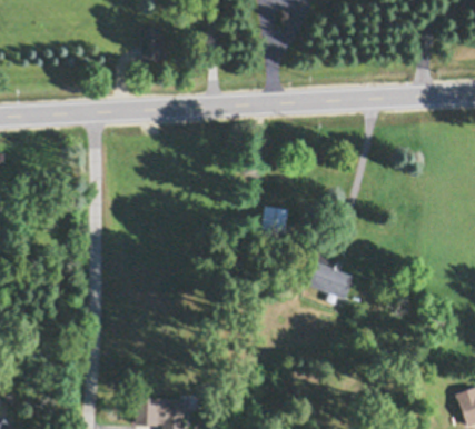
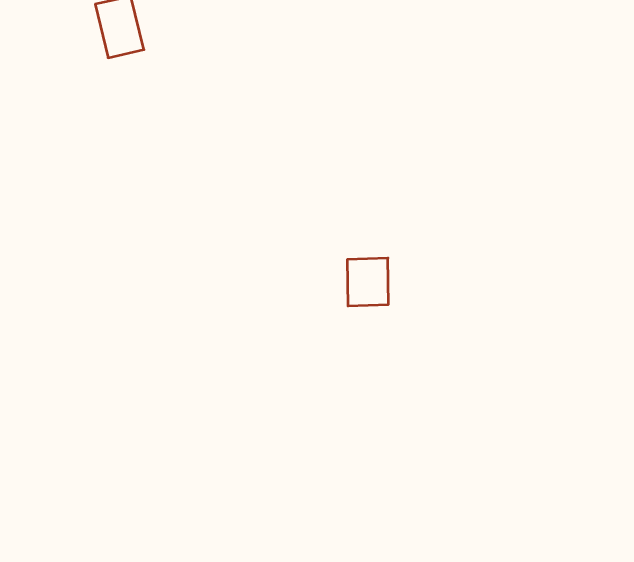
building: [307,263,353,299] -> none

